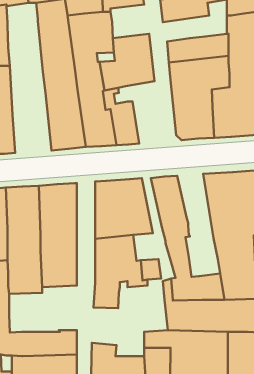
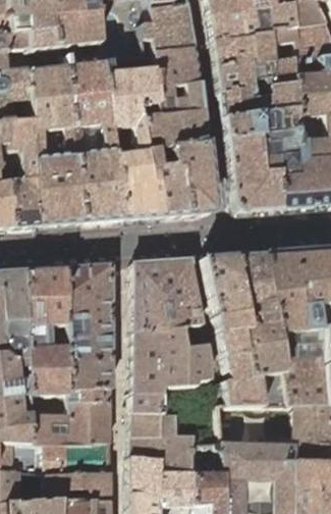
building: none -> [154,47,201,88]
building: none -> [217,57,294,93]
building: none -> [30,67,82,226]
building: none -> [172,140,214,215]
building: none -> [234,252,286,376]
building: none -> [181,323,212,357]
building: none -> [32,387,113,444]
building: none -> [131,413,196,472]

